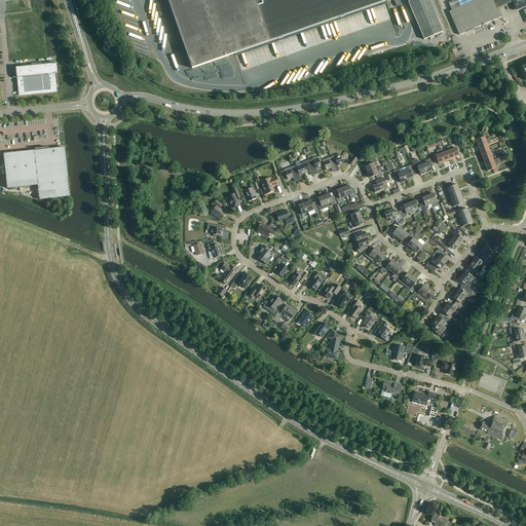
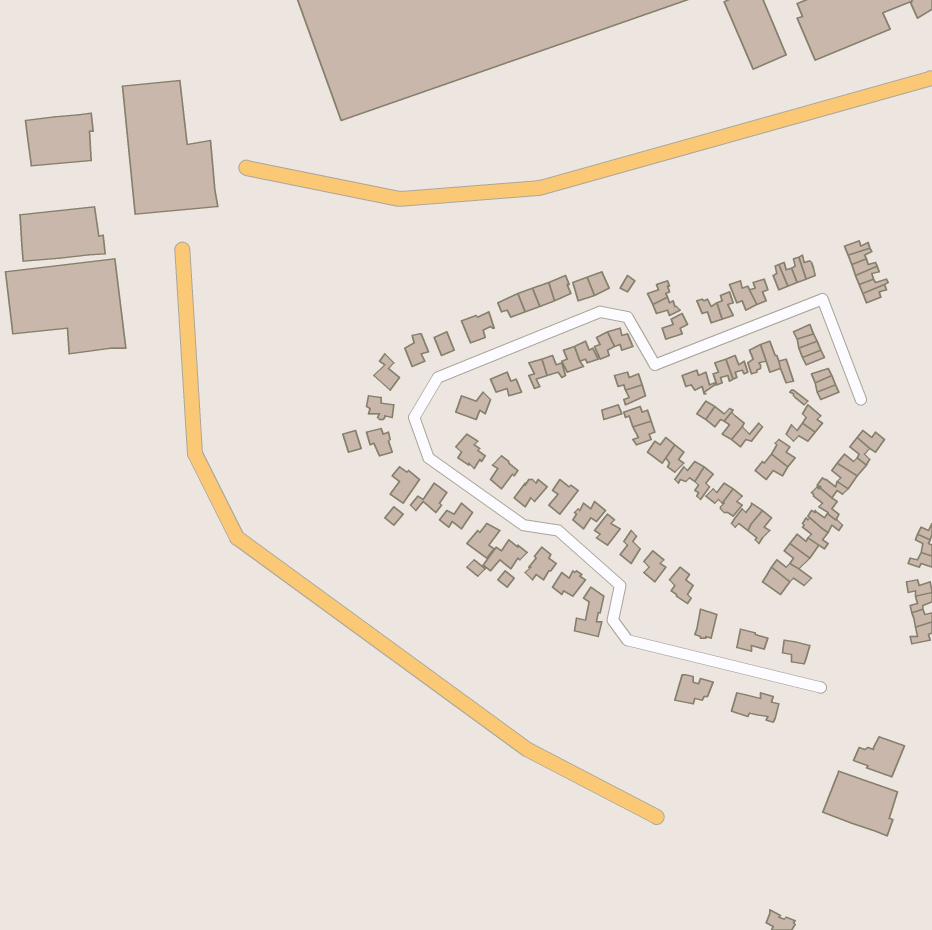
building: none -> [122,81,218,214]
building: none -> [20,207,105,261]
building: none -> [823,771,898,836]

